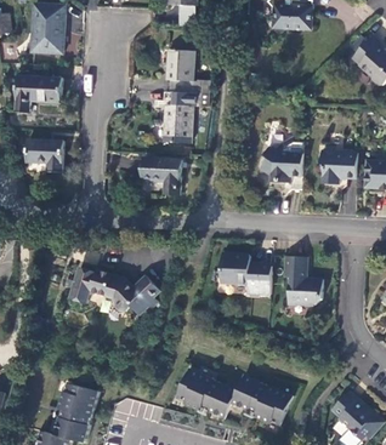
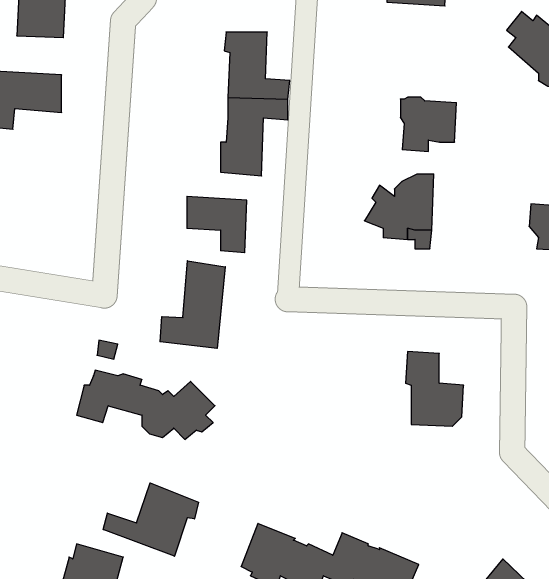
building: [27,138,63,170] -> none
building: [320,150,357,186] -> [400,97,456,151]
building: none -> [160,261,225,348]
building: [220,252,269,293] -> none
building: none -> [103,483,199,556]

